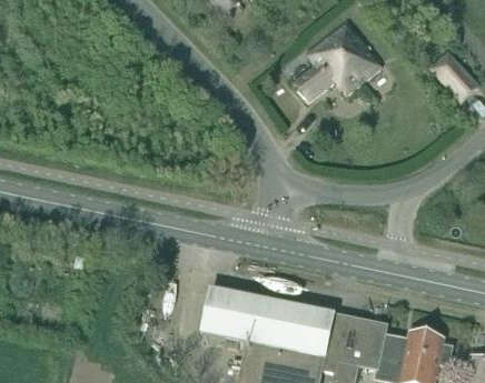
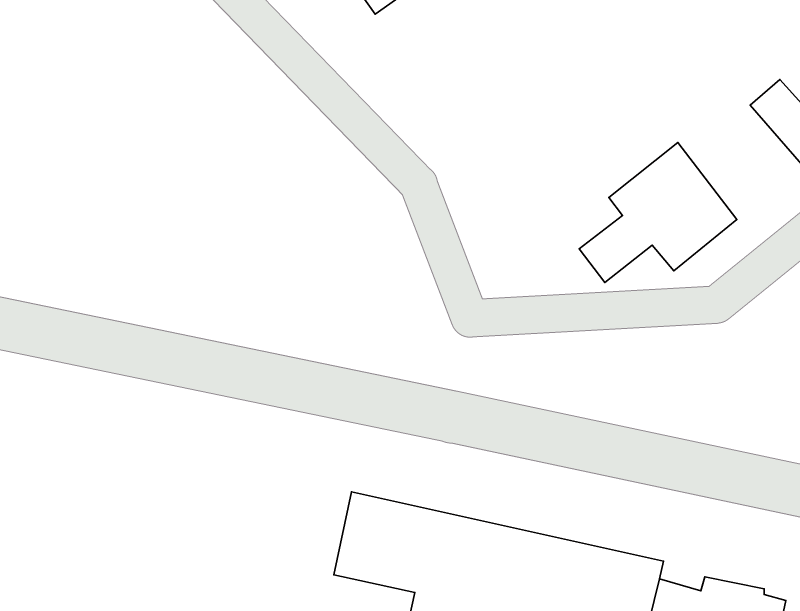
building: [293,22,382,101] -> [579,142,737,283]

